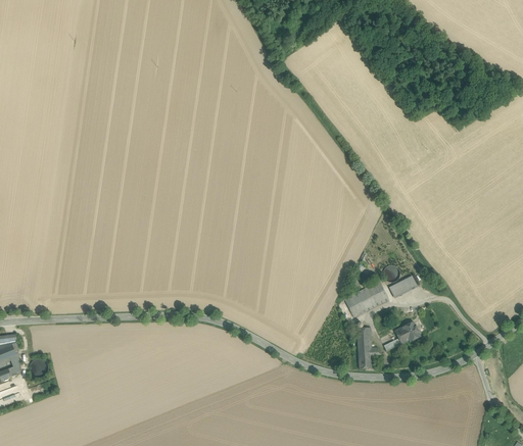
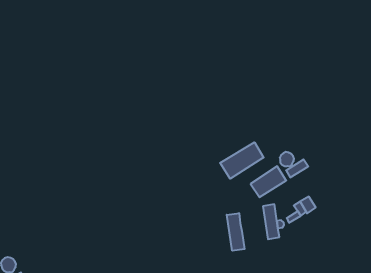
building: none -> [220,142,264,179]
building: none -> [227,213,245,251]

